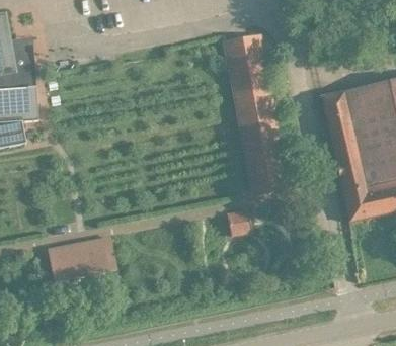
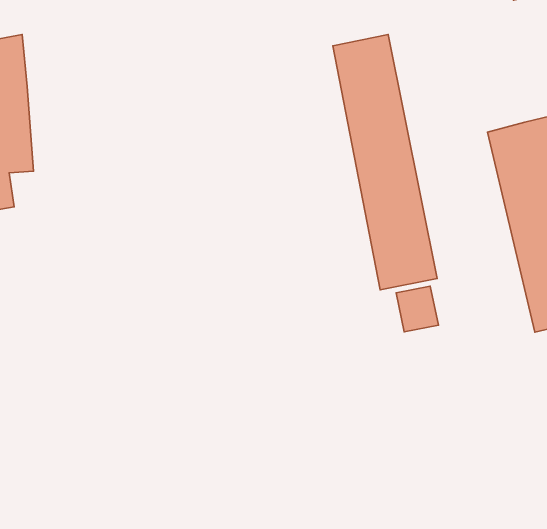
building: [225,206,251,235] -> [396,286,438,332]
building: [50,237,113,275] -> none

